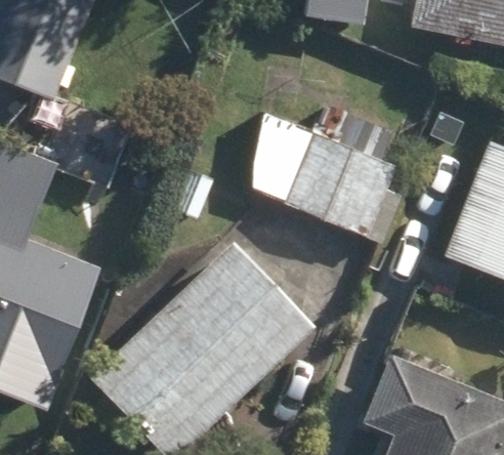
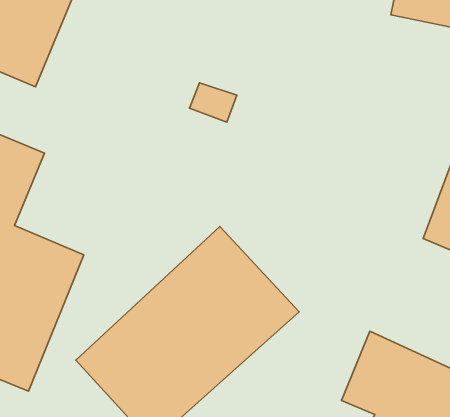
building: [253,111,407,242] -> none

